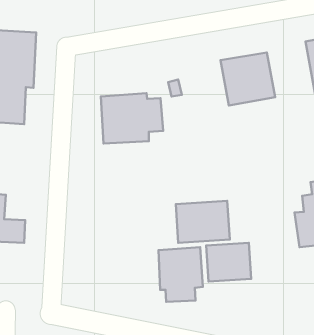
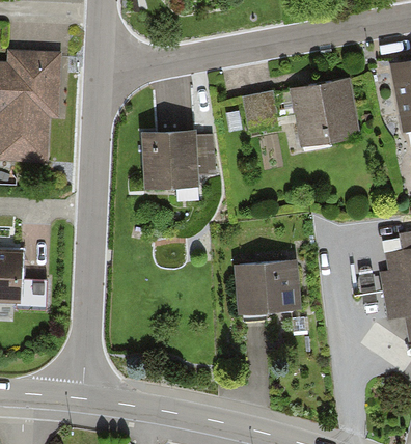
building: [206,243,251,282] -> none
building: [158,247,203,302] -> none

